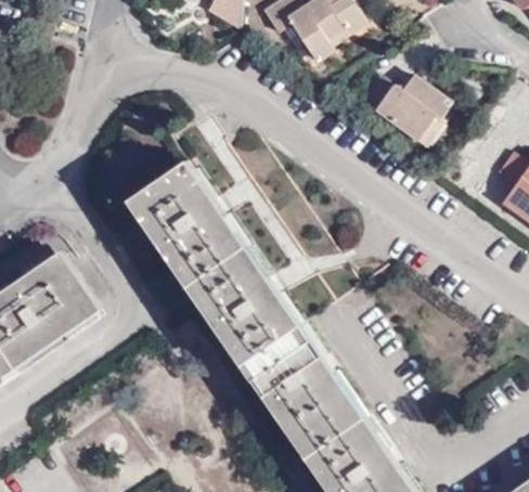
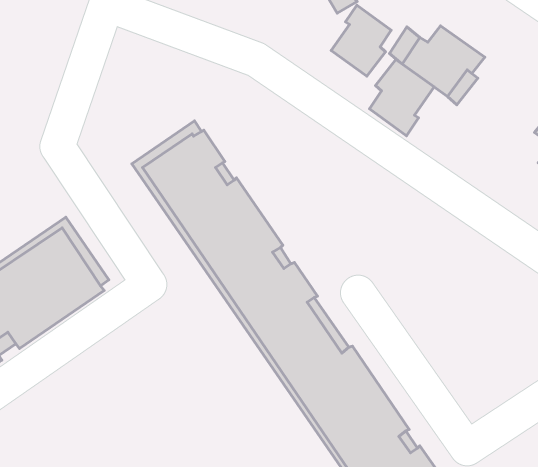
building: none -> [331,5,391,76]
building: none -> [370,59,434,136]

